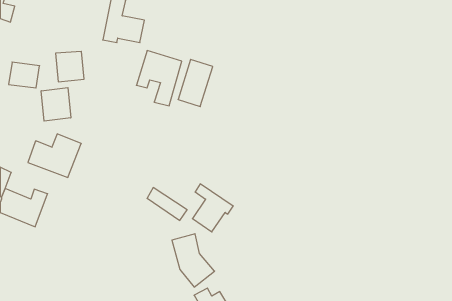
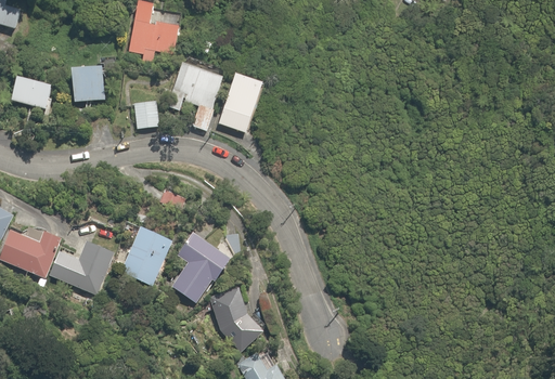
building: none -> [133,102,160,129]
building: [41,88,71,121] -> none
building: [28,134,81,177] -> [50,241,115,295]
building: [192,184,233,232] -> [171,244,221,302]
building: none -> [121,226,172,285]

